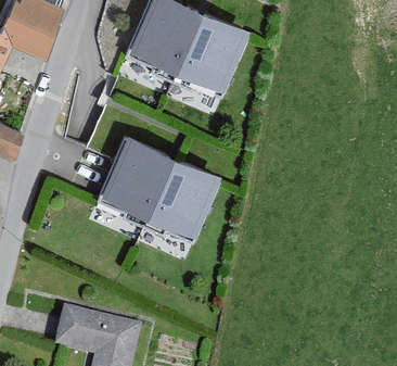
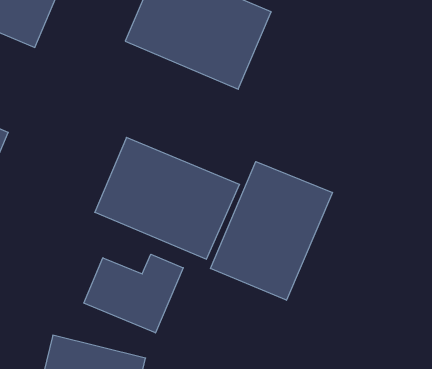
building: none -> [211,162,332,300]
building: none -> [84,254,183,333]

